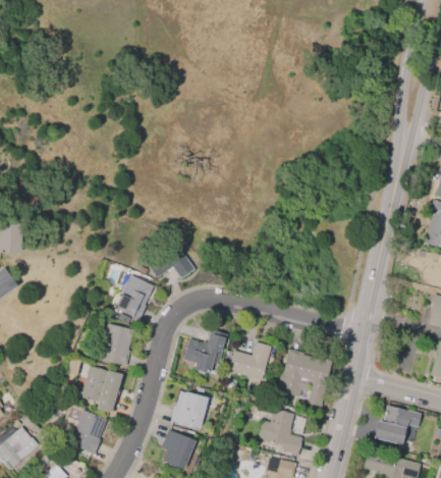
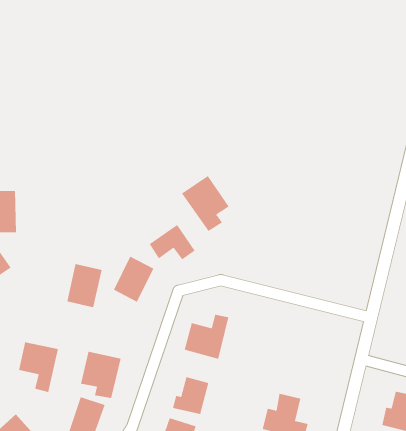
building: none -> [181,175,230,232]
building: [100,324,134,367] -> [66,264,102,308]
building: [228,342,271,380] -> none
building: [278,349,332,406] -> none
building: none -> [19,342,59,393]

